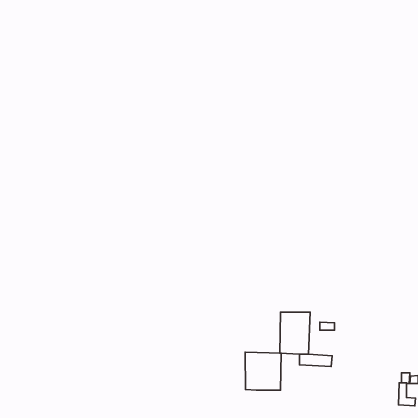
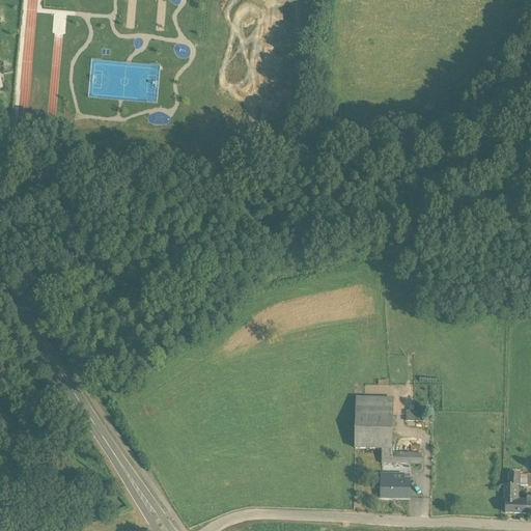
building: [245,352,281,390] -> none
building: none -> [381,472,410,496]

